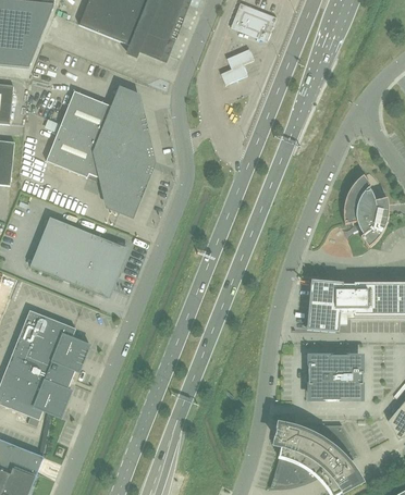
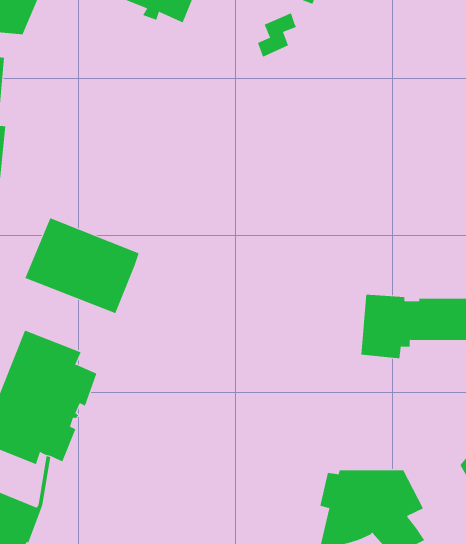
building: [46,90,147,212] -> none
building: [343,174,388,247] -> none
building: [308,355,363,399] -> none

